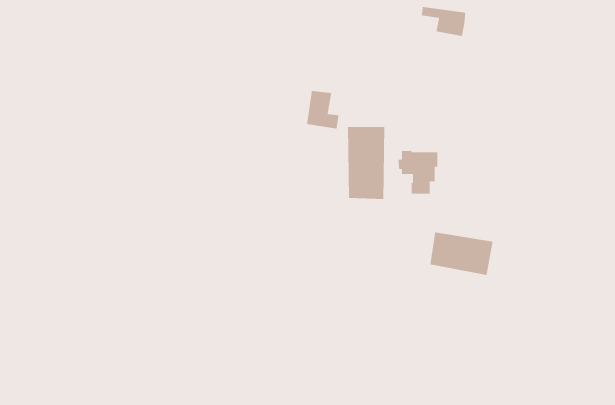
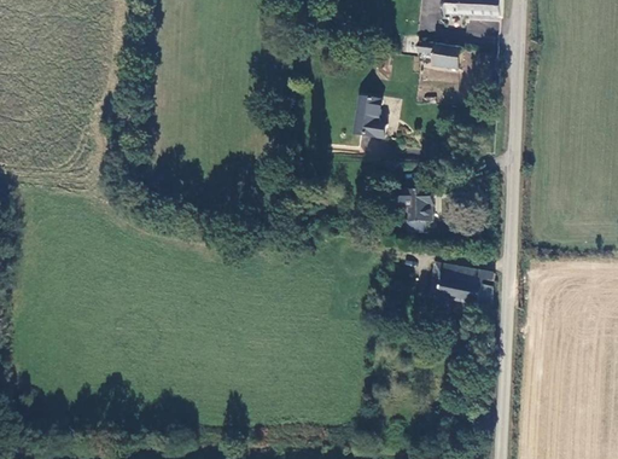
building: [306,90,340,130] -> [354,100,386,139]
building: [347,126,385,200] -> none

